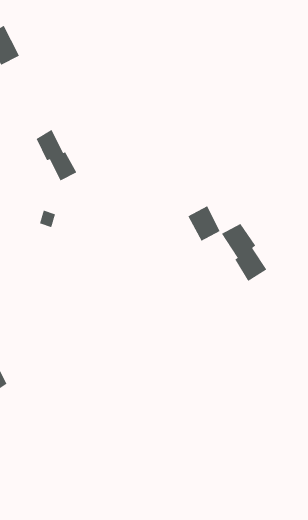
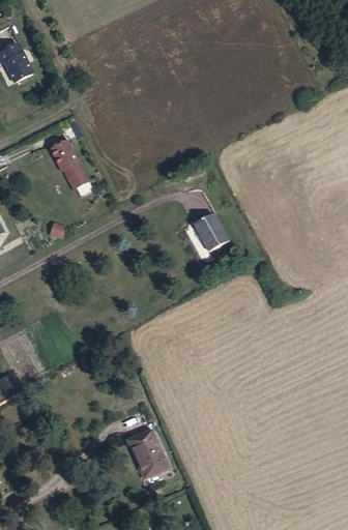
building: [221,223,267,282] -> none
building: none -> [122,425,166,476]

